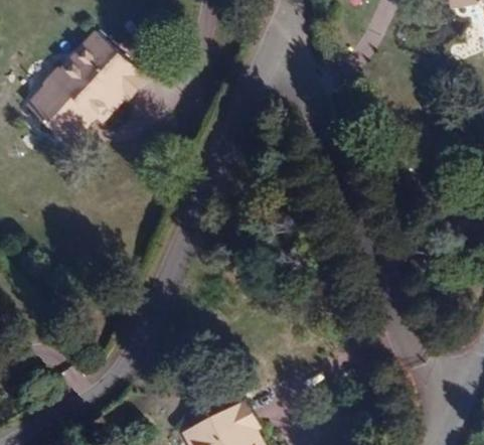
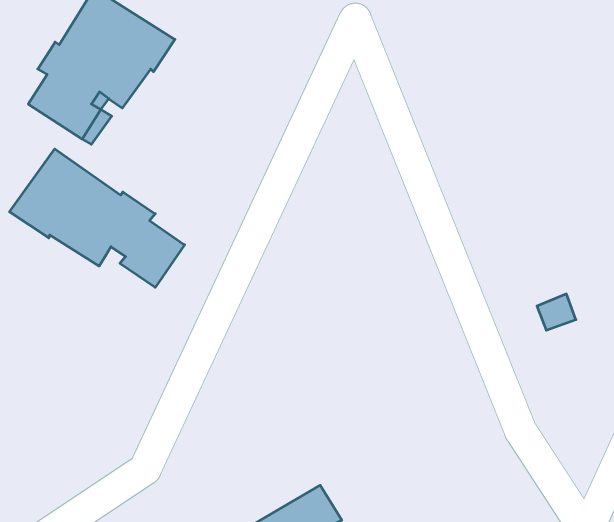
building: none -> [10,149,185,287]

